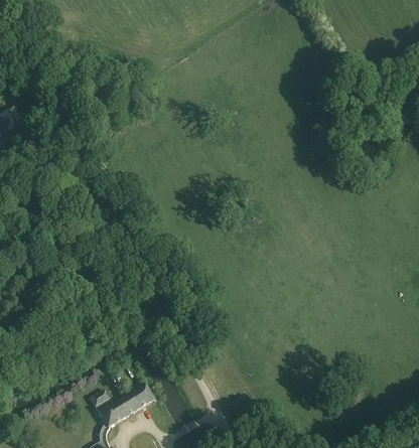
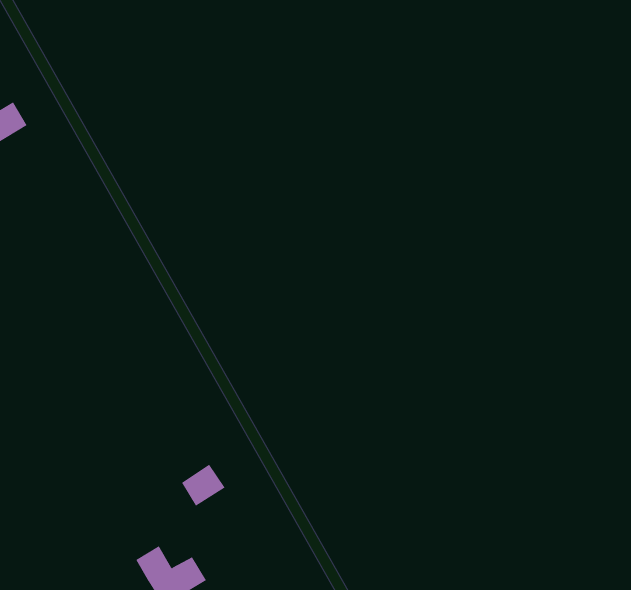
building: [126,385,154,412] -> [181,464,226,507]

